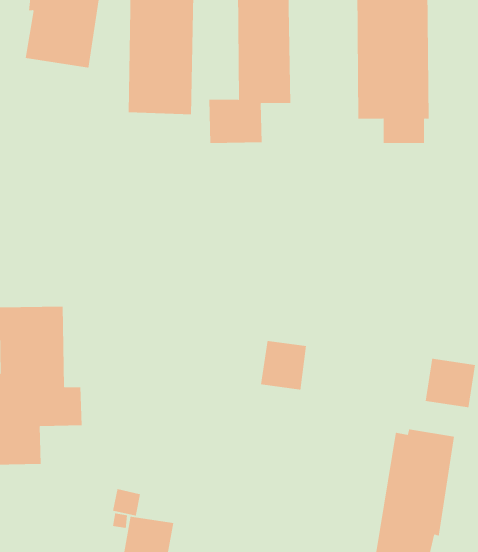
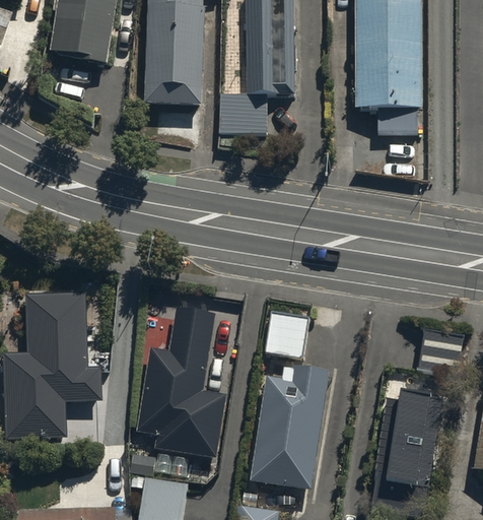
building: none -> [137,307,227,457]
building: none -> [251,366,330,491]

